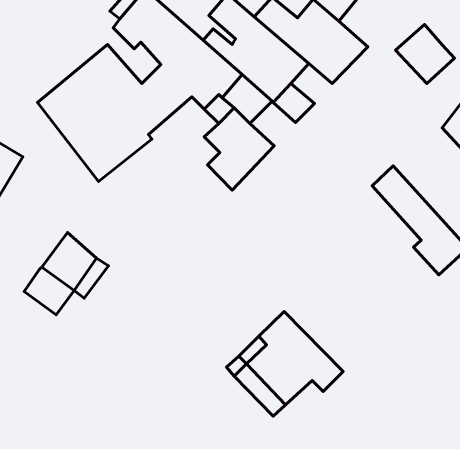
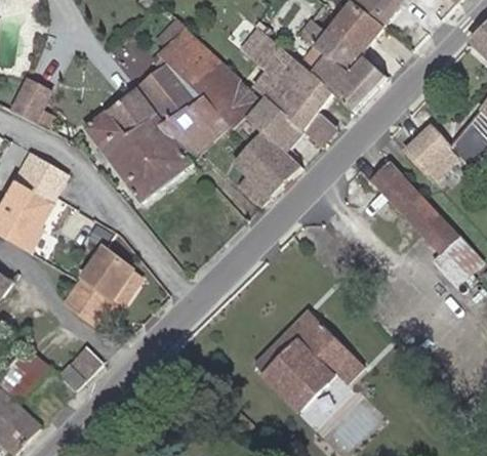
building: [396,25,455,84] -> [412,131,466,185]
building: none -> [147,64,196,109]
building: none -> [369,162,410,203]
building: none -> [66,346,106,388]

